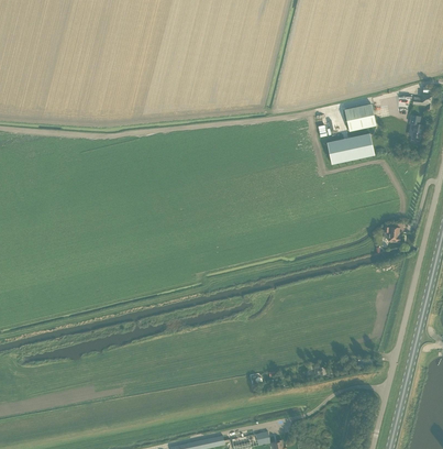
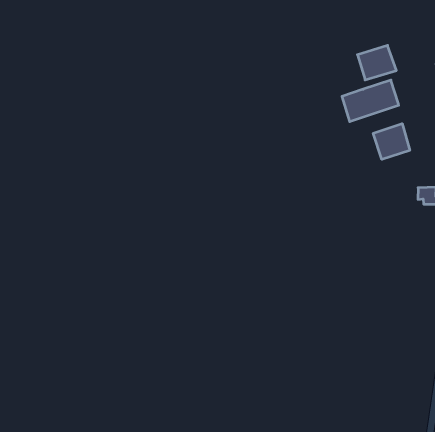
building: none -> [373,124,410,159]

